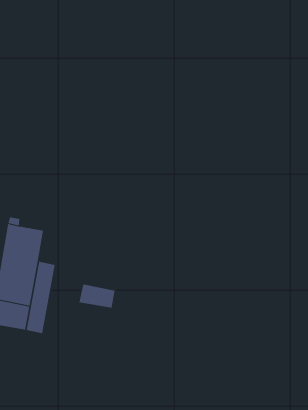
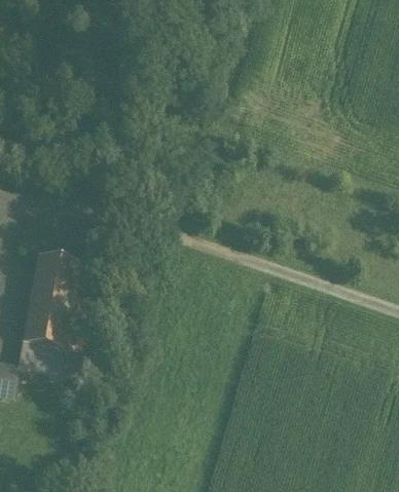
building: [79,284,115,309] -> none

